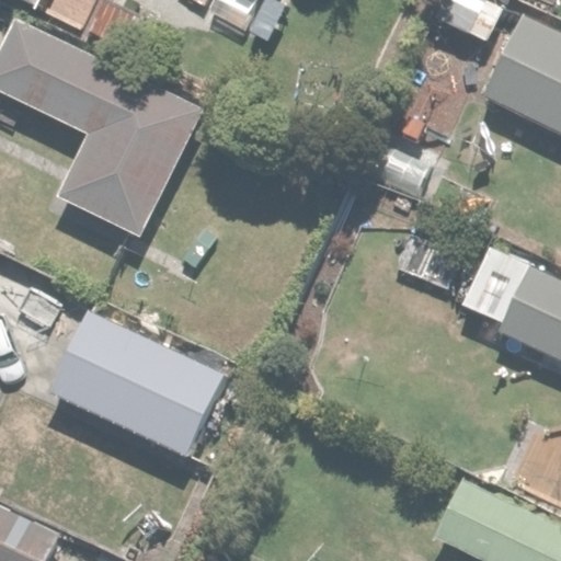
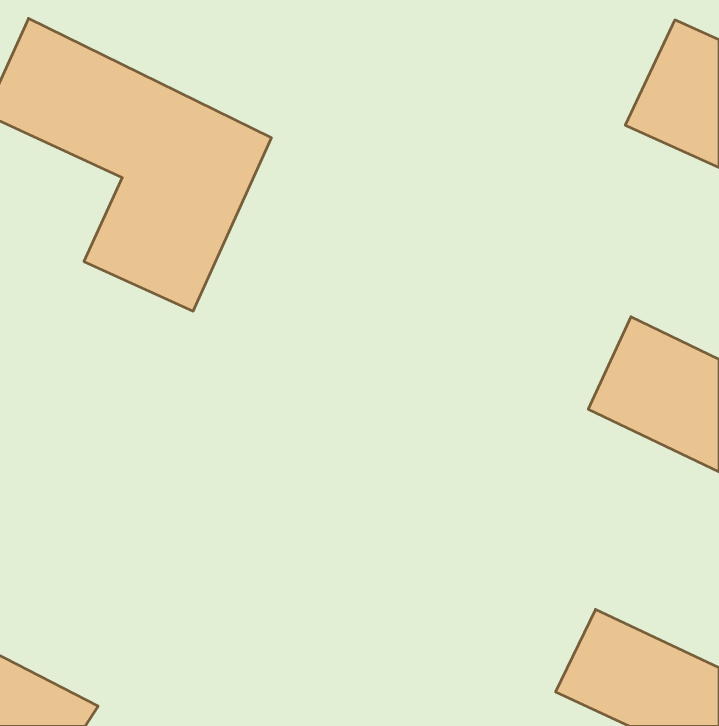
building: [53,317,224,456] -> none

